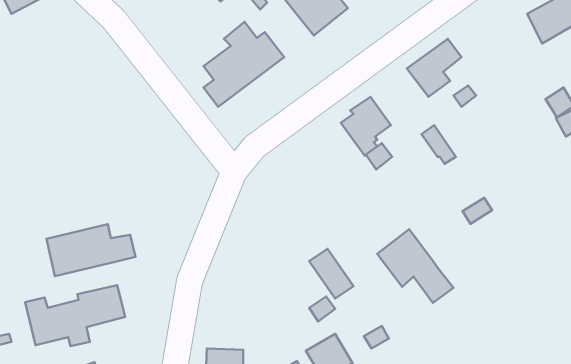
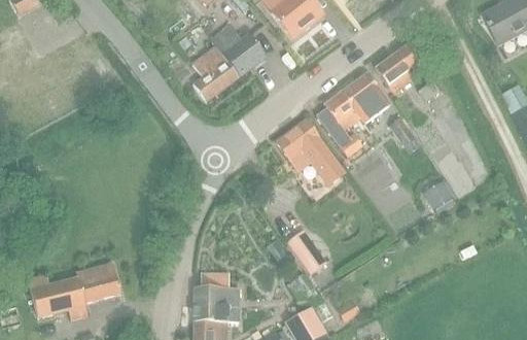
building: none -> [343,73,391,123]
building: [46,224,135,276] -> none
building: [377,229,453,303] -> [277,120,346,186]
building: none -> [195,287,240,321]

